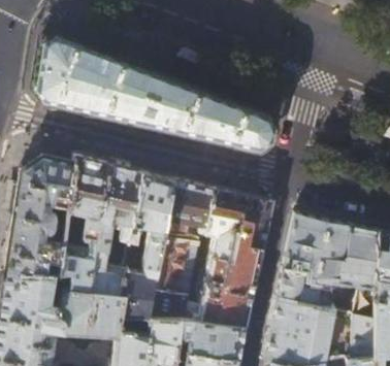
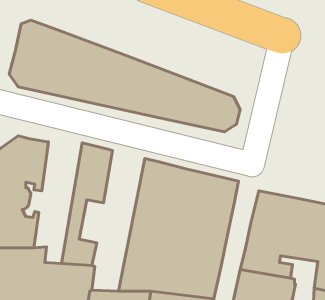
building: [58,157,108,292] -> none
building: [119,173,174,321] -> none

